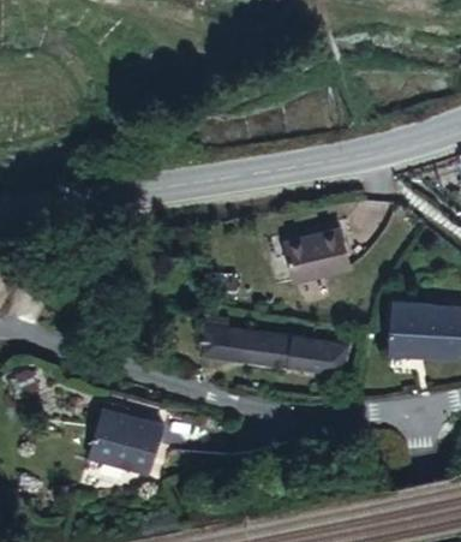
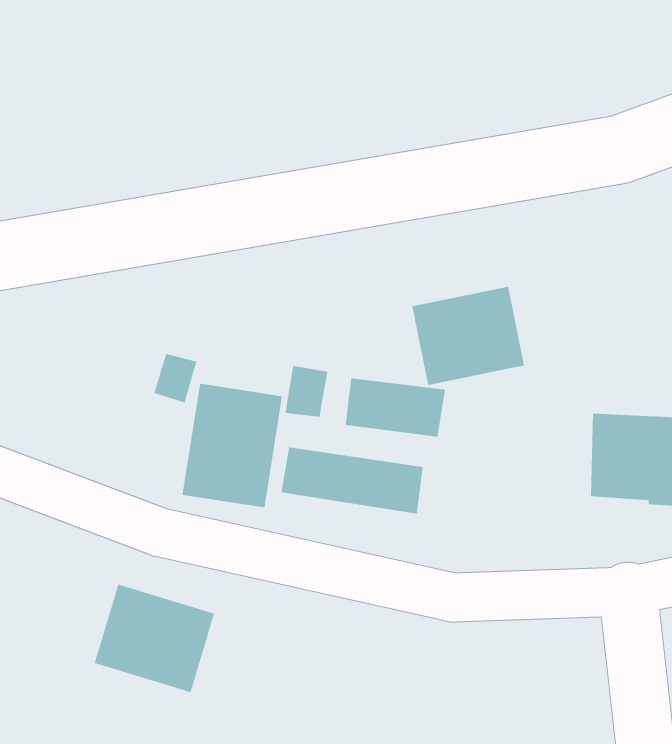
building: none -> [182,383,283,508]
building: [285,335,346,371] -> [345,378,446,437]

